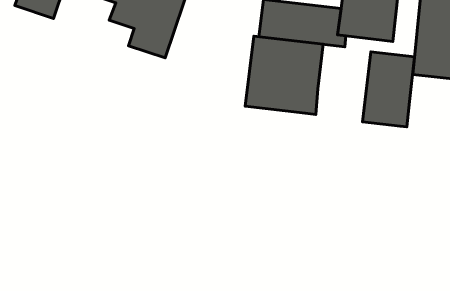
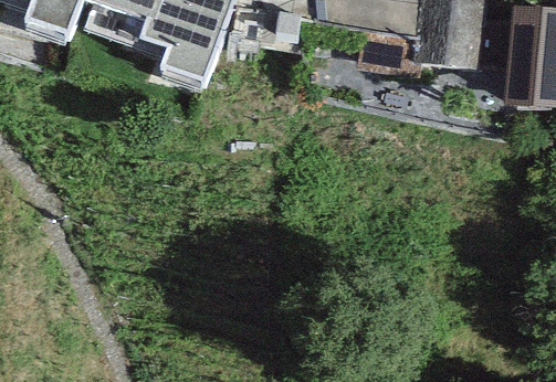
building: [245,36,323,114] -> none
building: [363,52,415,127] -> none

